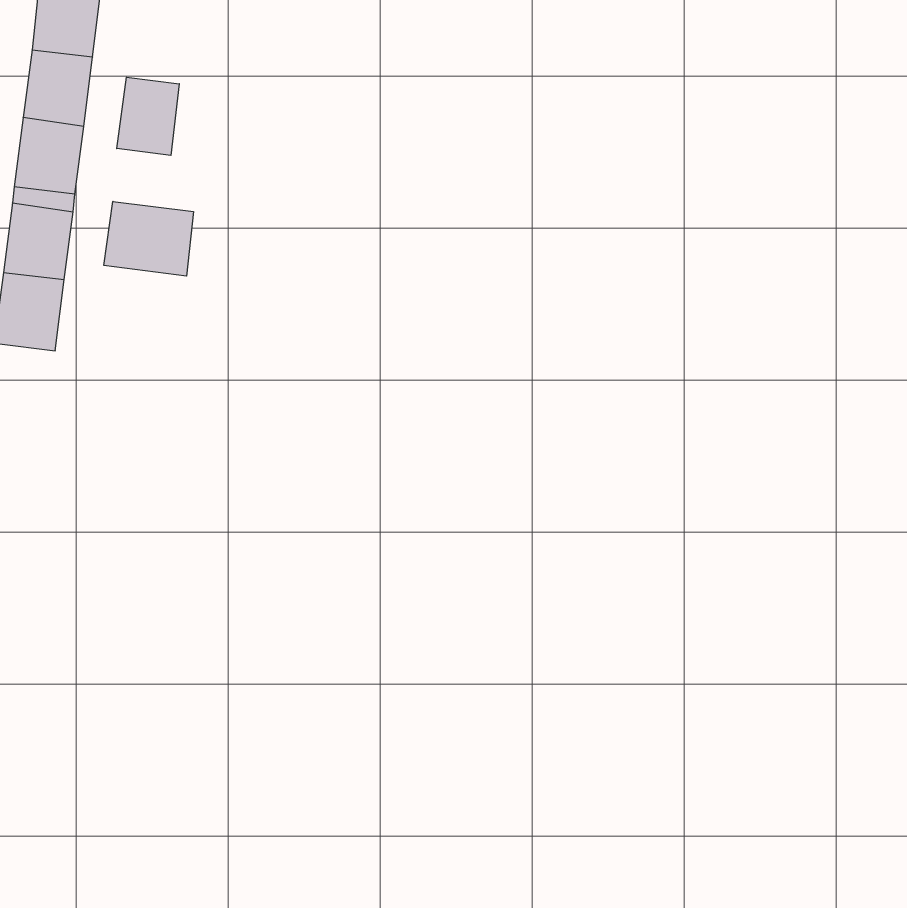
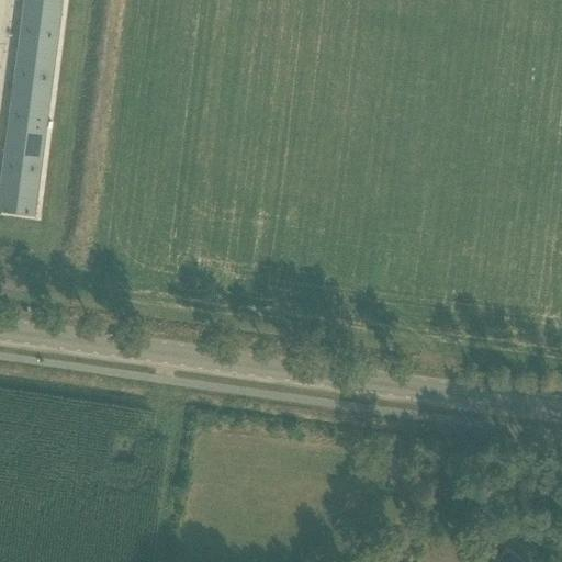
building: [117,77,179,155] -> none
building: [104,201,193,276] -> none

